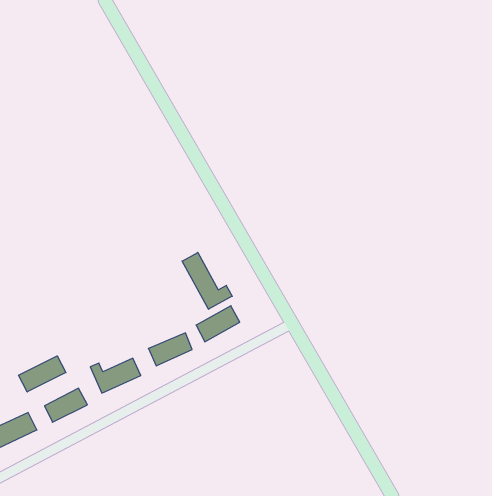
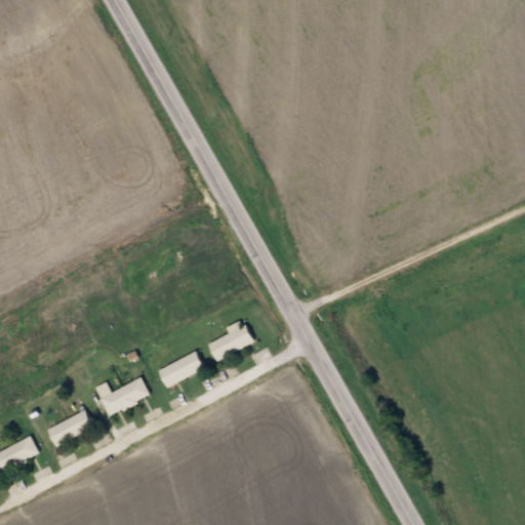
building: [182,252,232,309] -> none
building: [19,356,66,392] -> none

